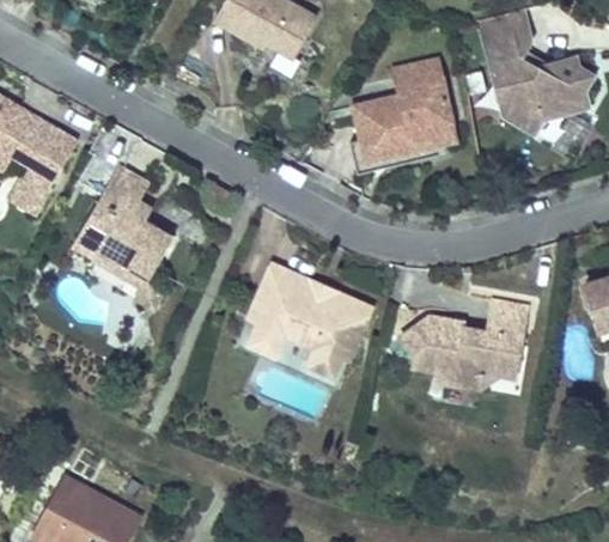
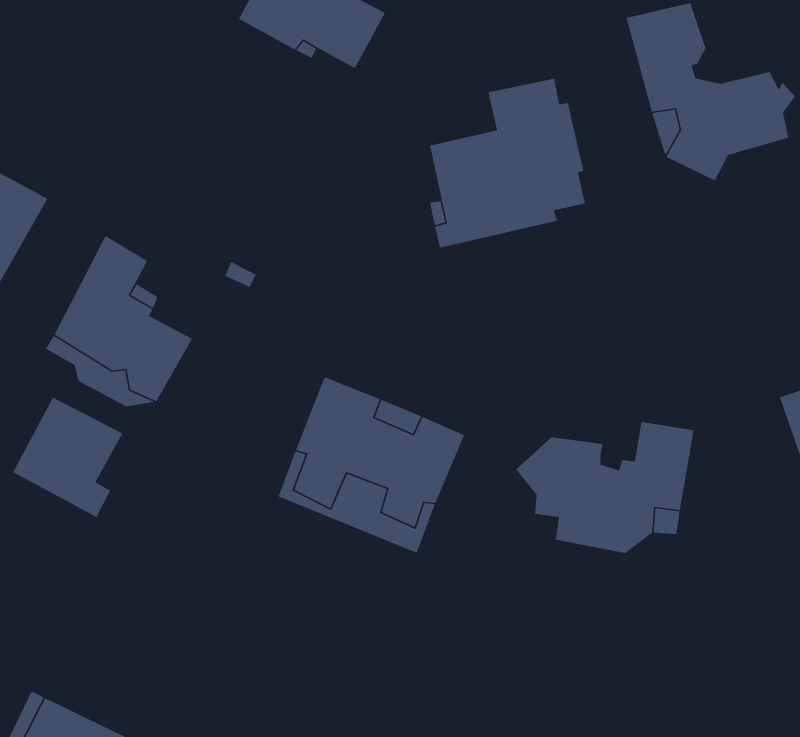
building: none -> [12,396,124,518]

